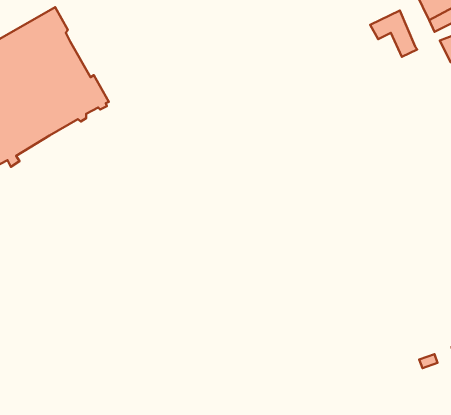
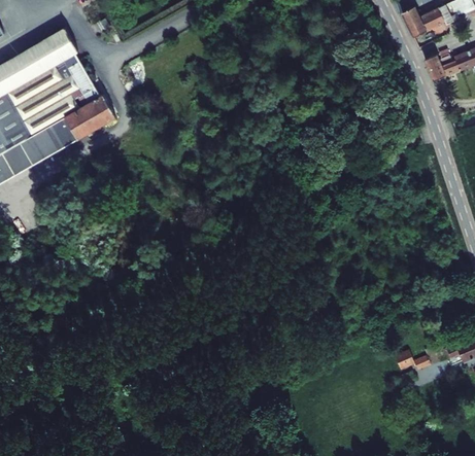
building: [370,11,417,57] -> none

